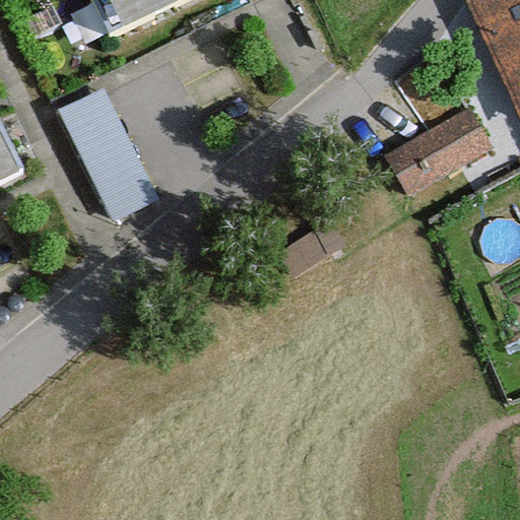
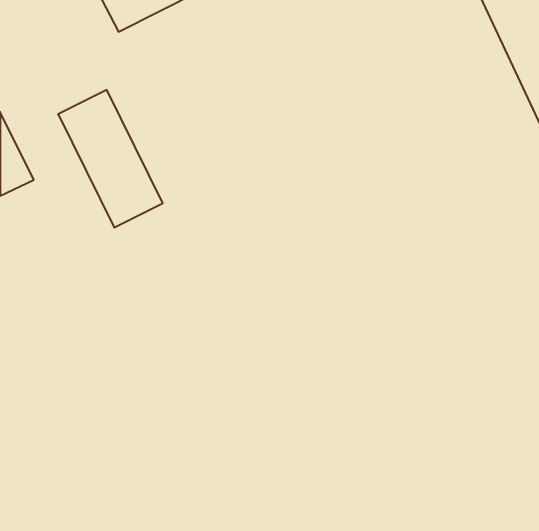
building: [387,105,490,194] -> none

